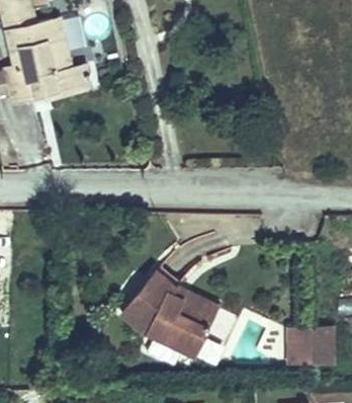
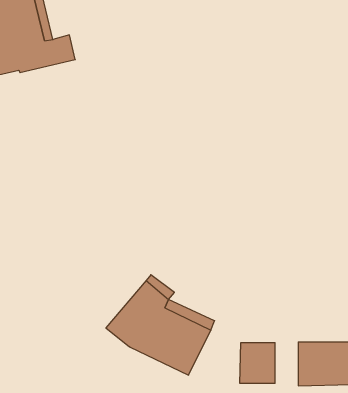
building: none -> [240,343,275,383]

